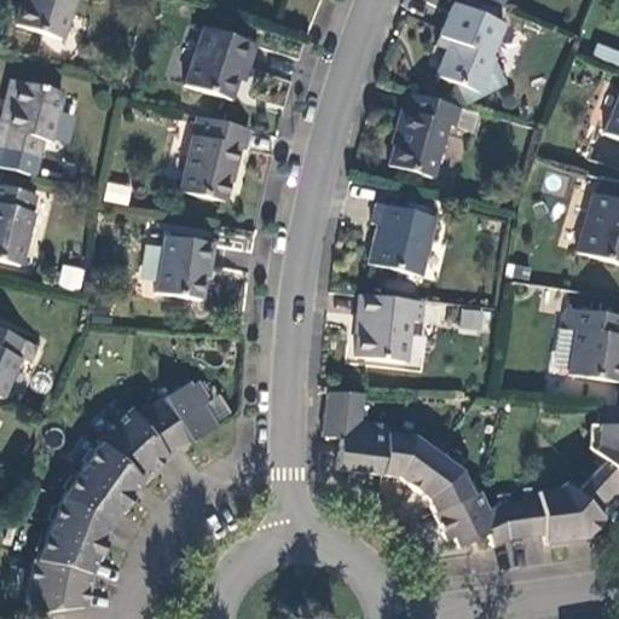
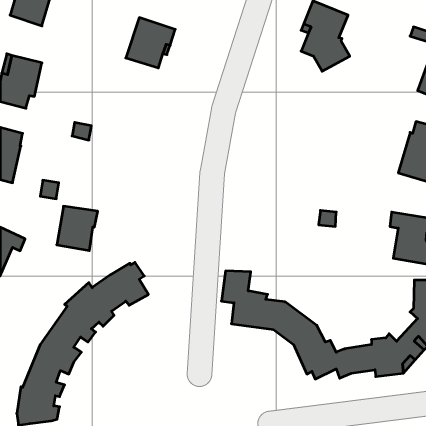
building: [389,91,479,177] -> none
building: [181,115,250,199] -> none
building: [369,202,436,274] -> none
building: [156,235,215,299] -> [57,206,98,251]
building: [358,293,424,360] -> none

